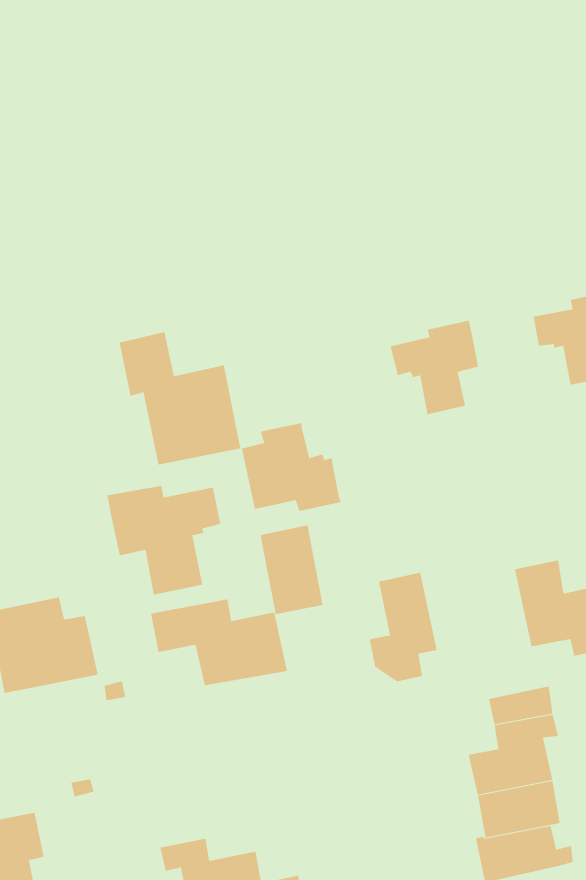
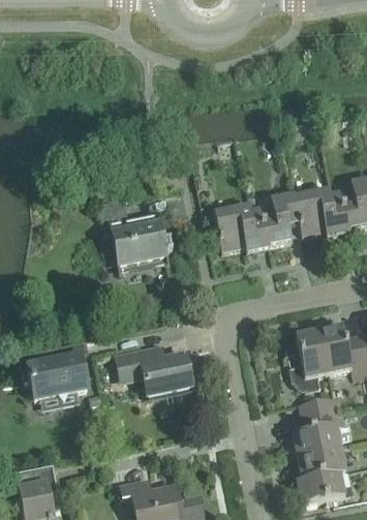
building: none -> [297,187,351,236]
building: [241,422,342,511] -> [216,203,272,252]
building: [107,485,221,596] -> none
building: [260,524,323,615] -> none
building: [369,572,438,682] -> [290,330,329,391]

